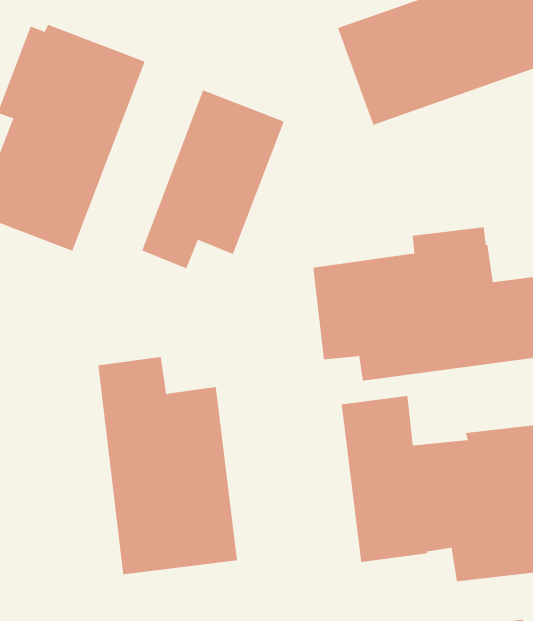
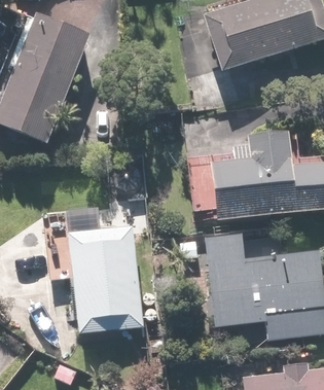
building: [142,90,285,269] -> none

